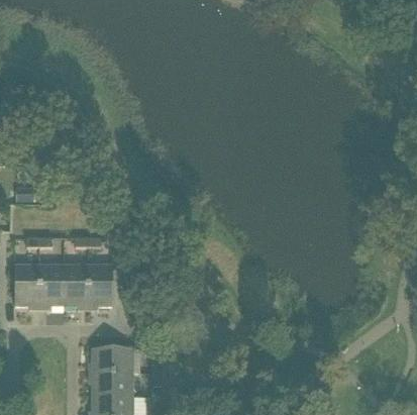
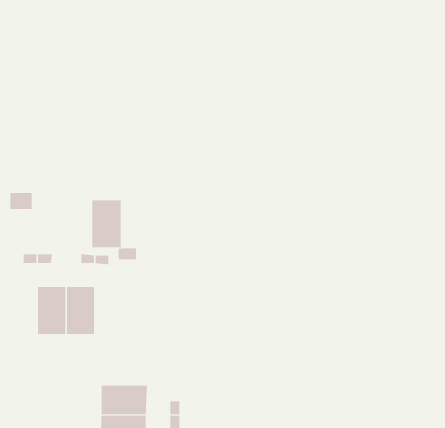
building: [15,265,39,305] -> none
building: [88,265,113,305] -> [92,200,122,248]

